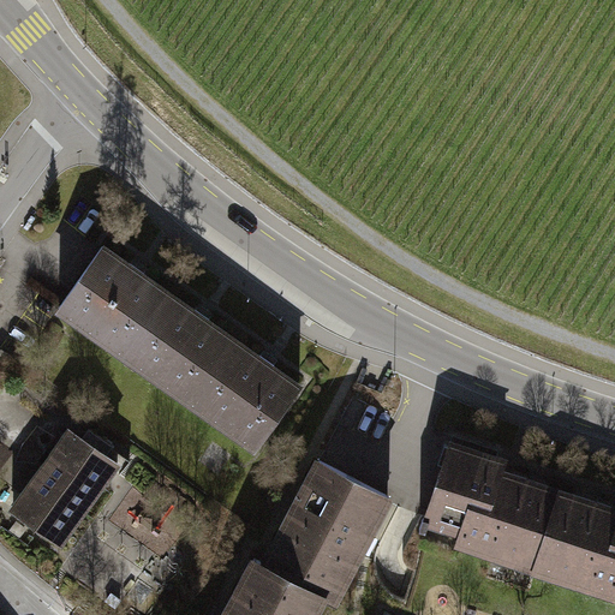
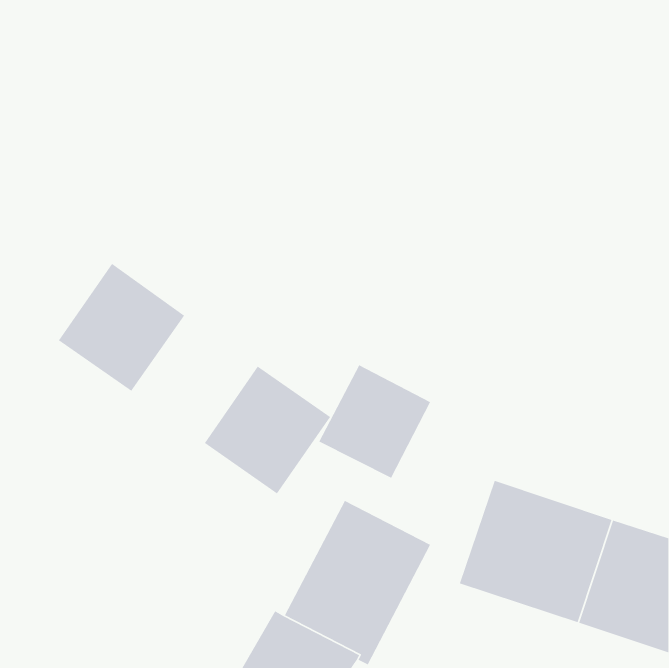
building: [120,292,235,408] -> none
building: none -> [318,364,431,479]
building: [10,431,129,547] -> none

